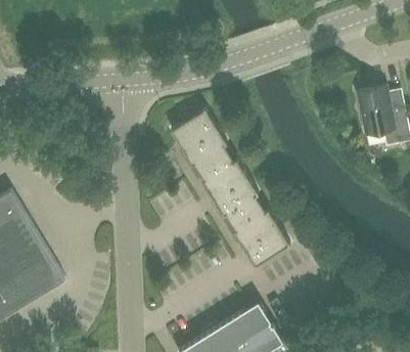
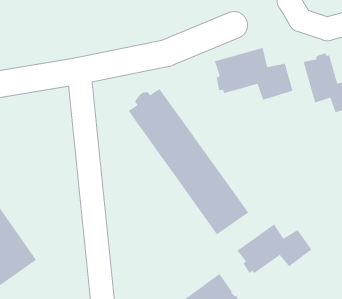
building: none -> [214,47,293,101]
building: none -> [237,223,312,274]

